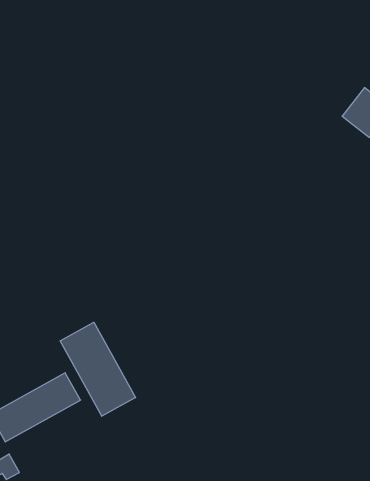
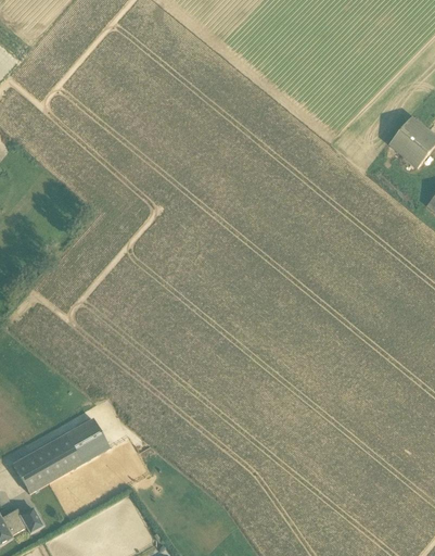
building: [60,322,136,416] -> none

